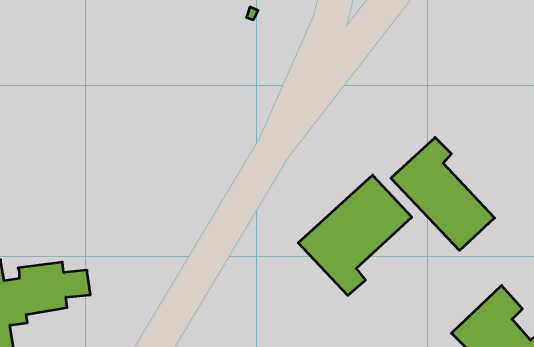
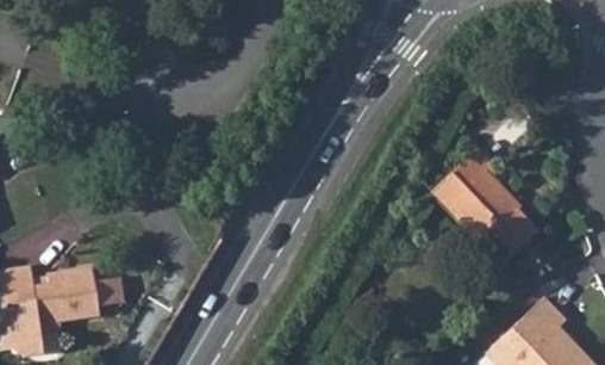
building: [298,175,412,295] -> none

